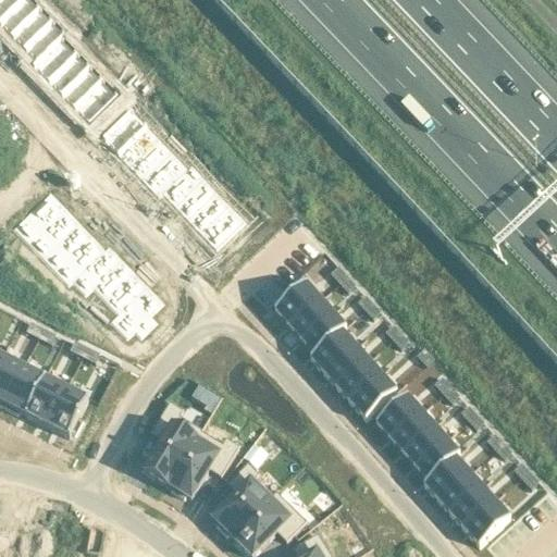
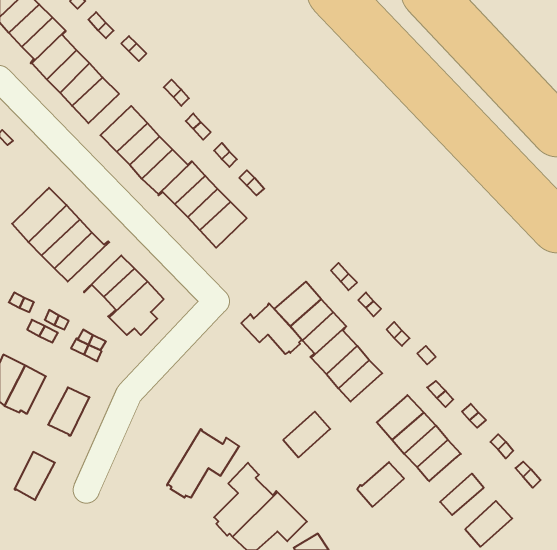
building: [67,242,121,290] -> none
building: none -> [241,303,302,354]
building: [349,372,396,418] -> [283,412,330,457]
building: [27,375,67,423] -> [14,452,55,500]
building: [144,400,200,483] -> none
building: [423,456,470,500] -> [357,462,404,507]
building: [450,486,494,528] -> none

